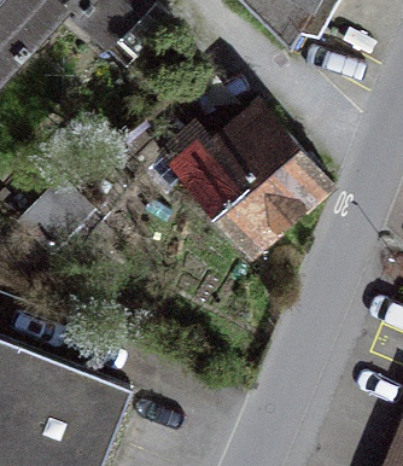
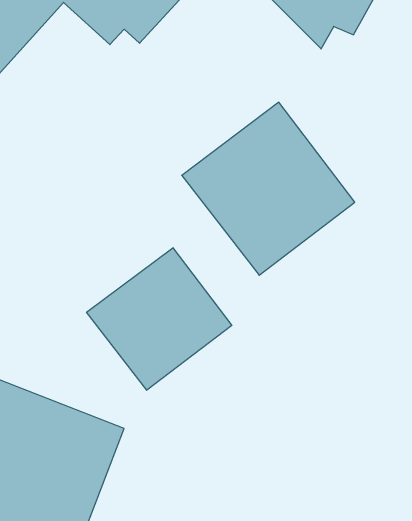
building: none -> [87,248,232,390]

